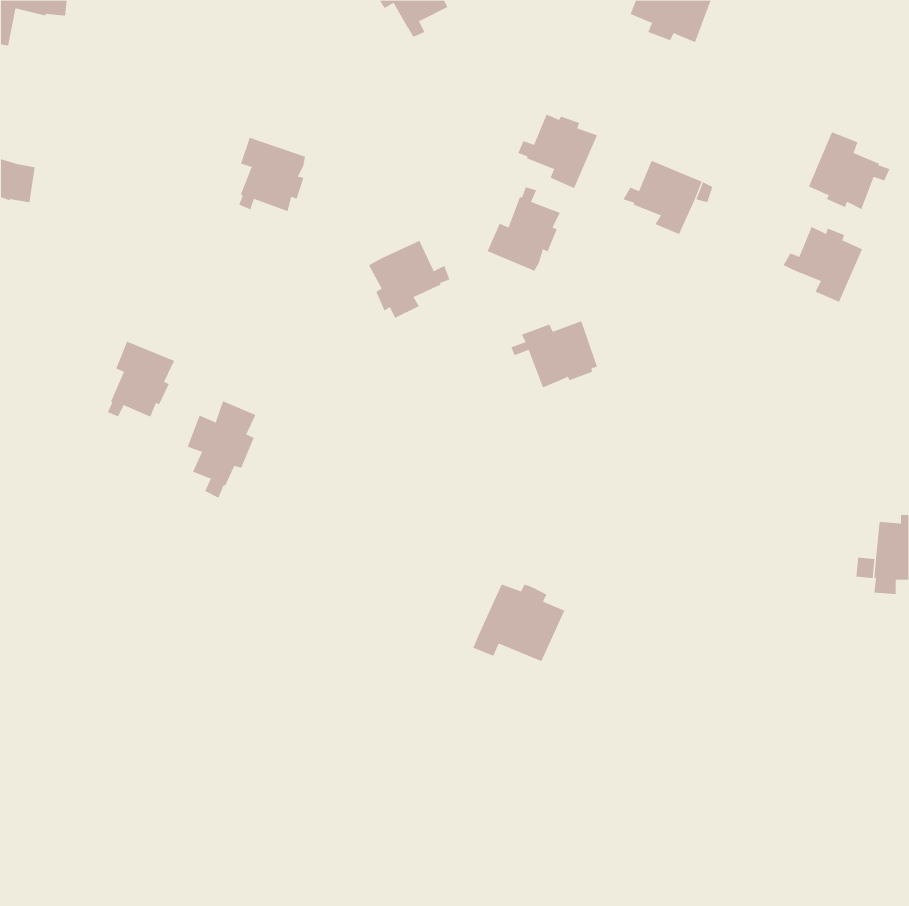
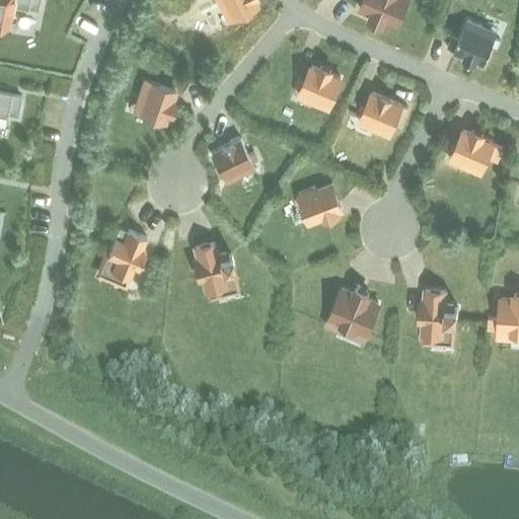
building: [808,131,890,210] -> [453,20,500,65]
building: [487,186,561,272] -> none
building: [107,341,175,418] -> none
building: none -> [194,243,234,298]
building: none -> [419,291,457,343]
building: [473,584,565,662] -> [325,290,378,335]

